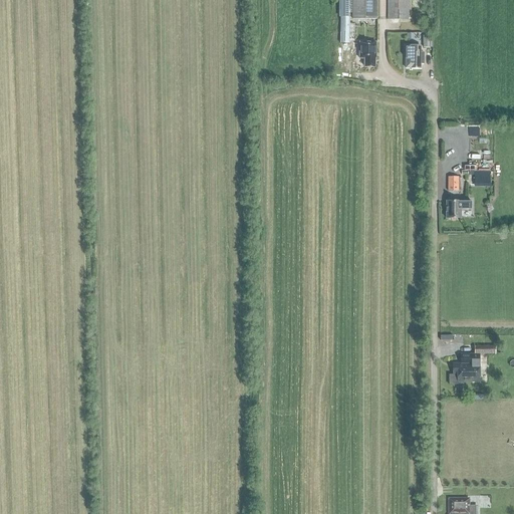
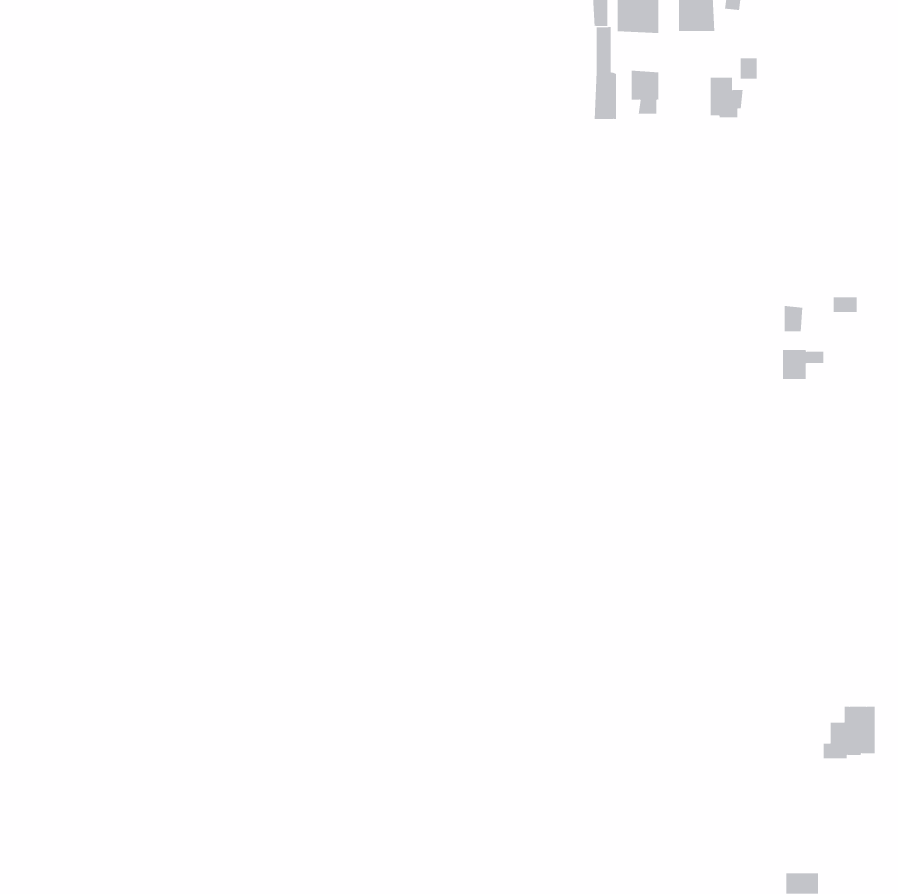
building: [449,352,479,382] -> [823,706,876,759]

